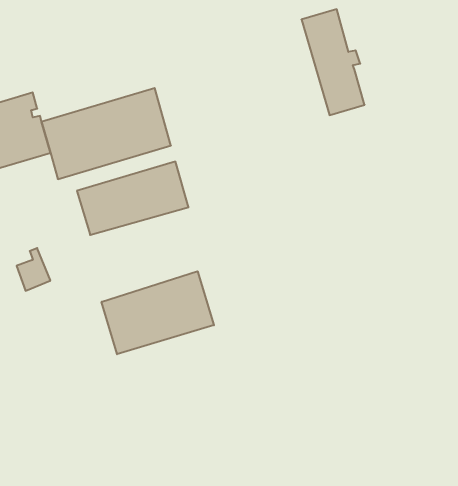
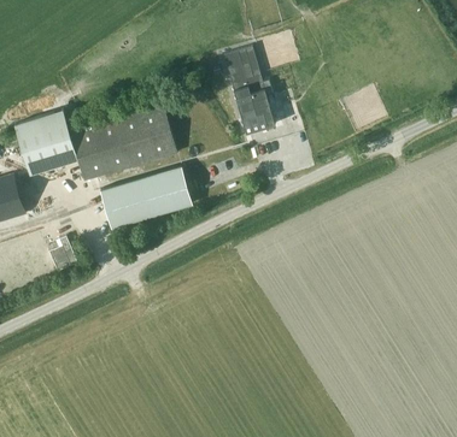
building: [301,9,365,115] -> [223,47,275,134]
building: [102,271,214,354] -> none

